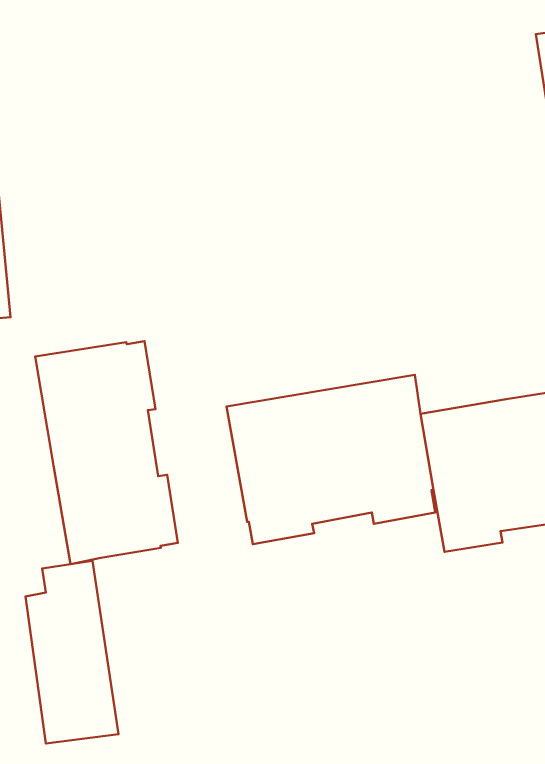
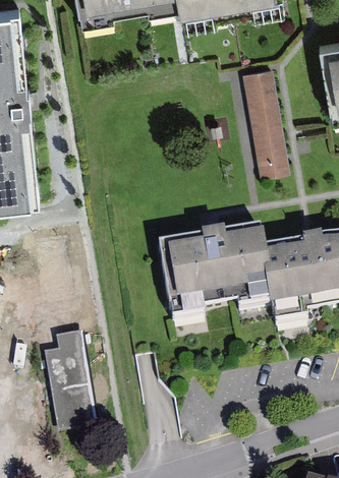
building: none -> [241,67,289,177]
building: [35,341,178,564] -> none

